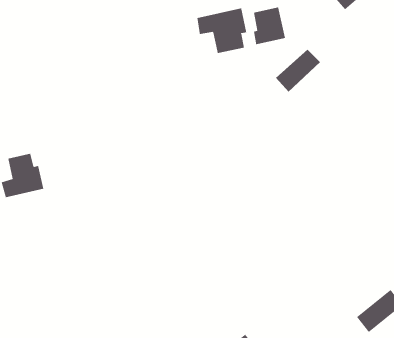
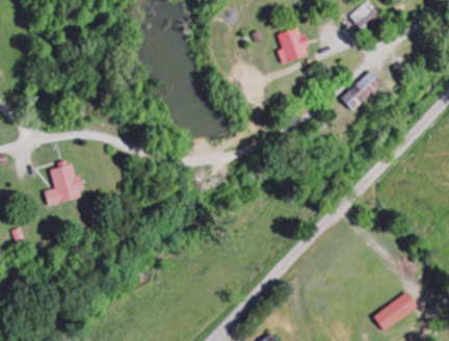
building: [197,8,247,54] -> none
building: [275,49,321,92] -> [340,71,382,111]

